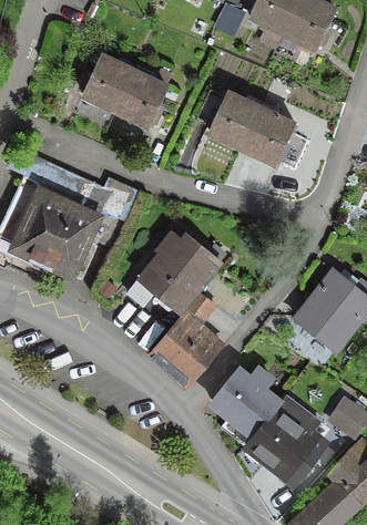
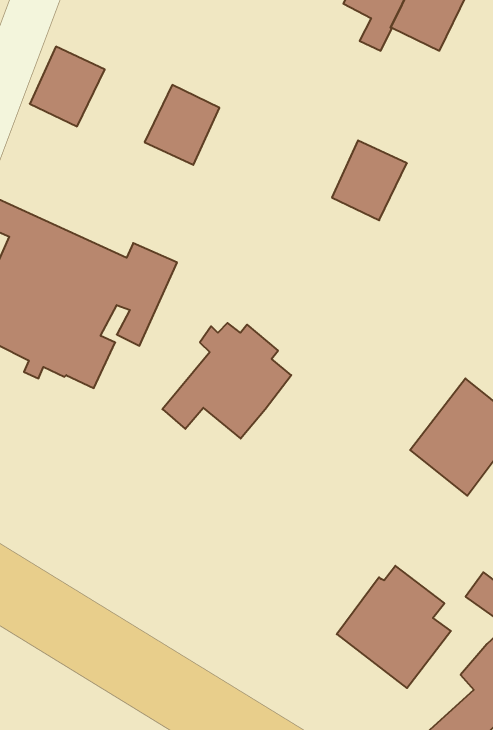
building: [83,56,134,111] -> [30,47,105,126]
building: [196,90,261,148] -> none
building: [149,292,222,388] -> none
building: [213,370,279,446] -> none

